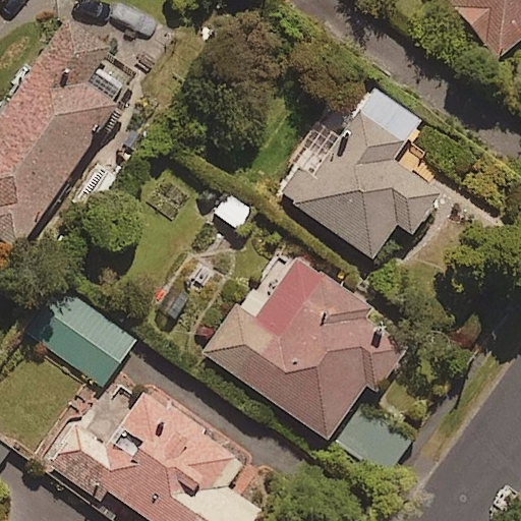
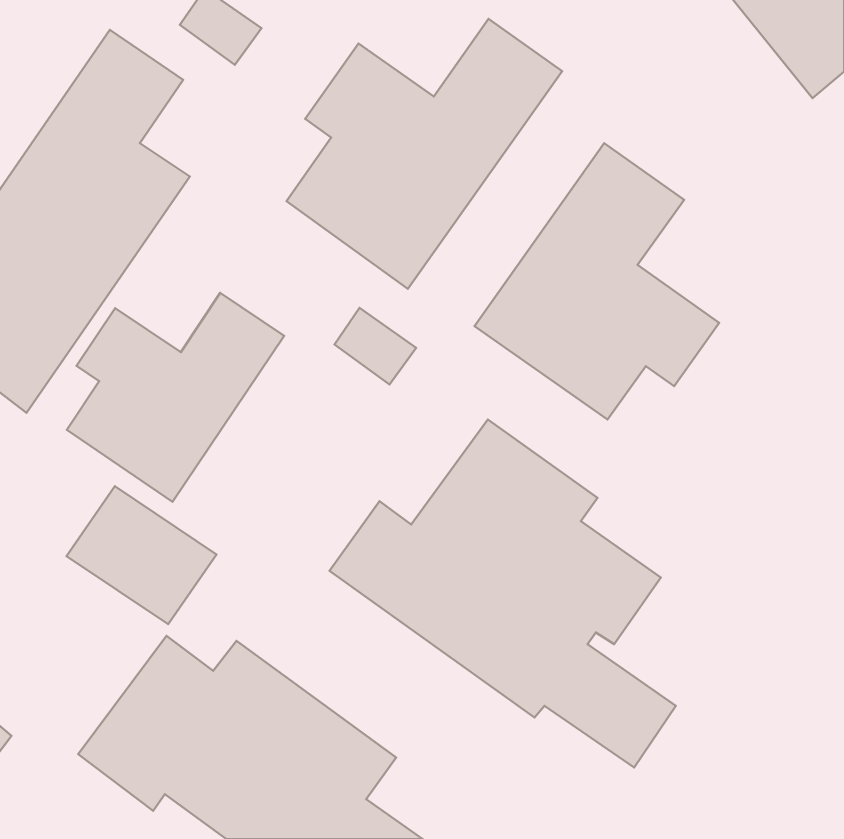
building: none -> [286,19,562,289]
building: none -> [67,293,284,502]

